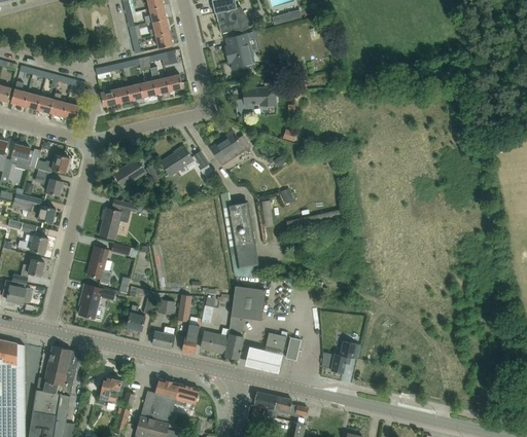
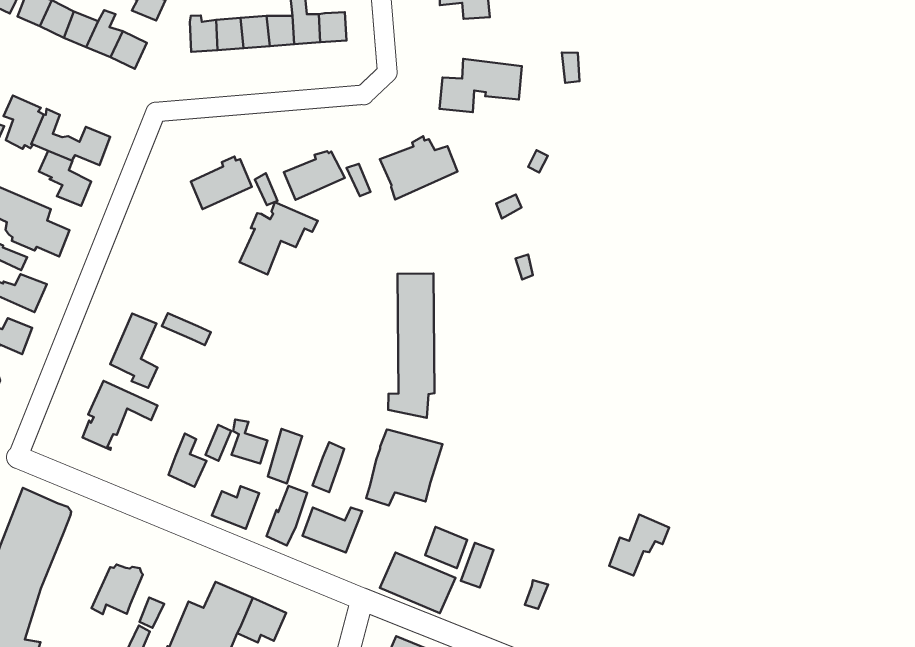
building: [99,201,136,239] -> [239,202,318,275]
building: [223,323,243,359] -> none
building: [329,341,357,373] -> [609,515,669,576]

